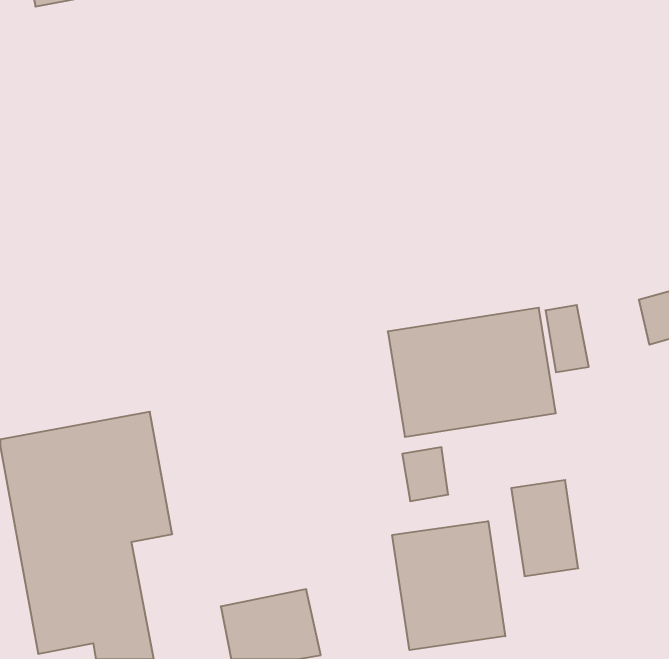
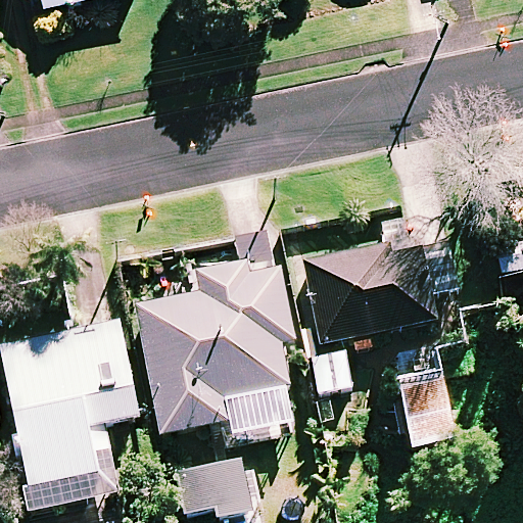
building: none -> [136,257,292,440]
building: [392,521,505,650] -> none

